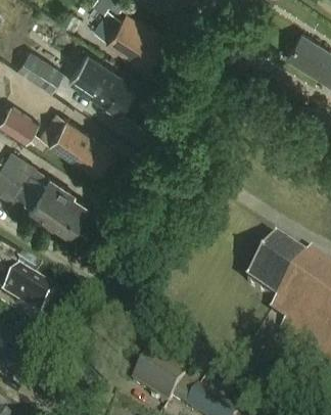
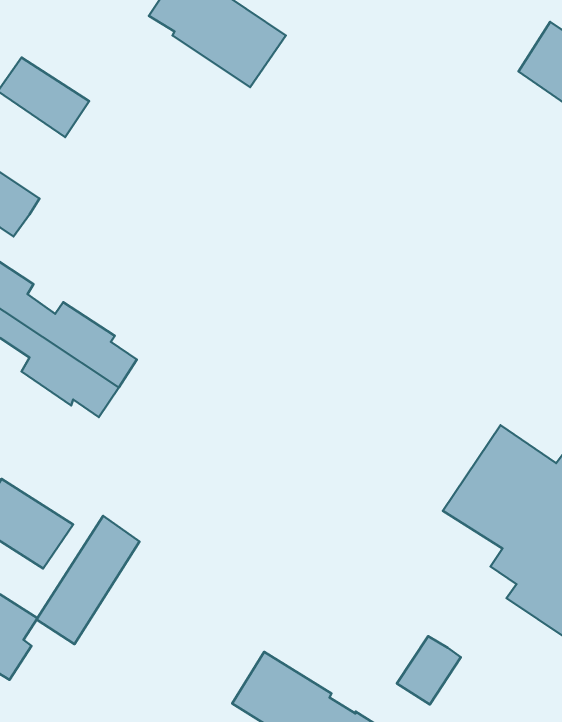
building: [68,51,135,110] -> none
building: [46,112,110,171] -> none
building: none -> [36,516,140,644]
building: none -> [397,636,461,704]

